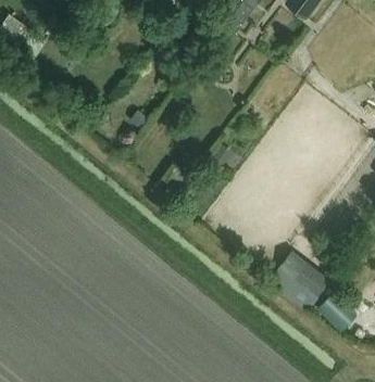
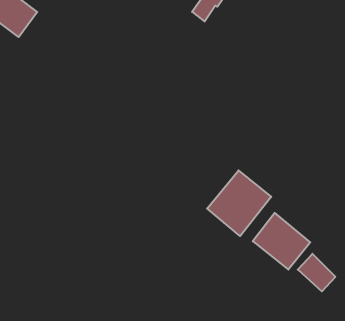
building: none -> [207,170,271,236]

